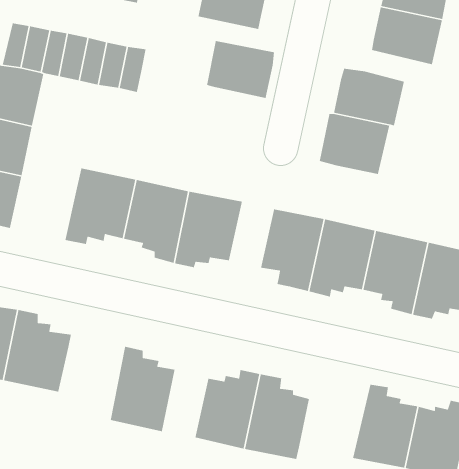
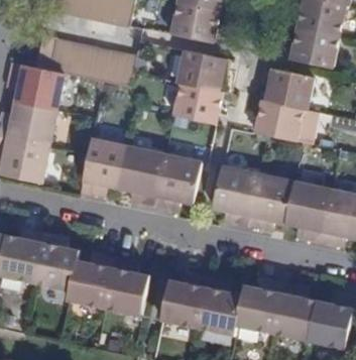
building: none -> [172,82,222,124]
building: none -> [73,257,120,312]
building: none -> [241,282,289,338]

